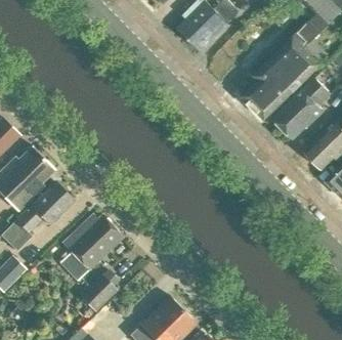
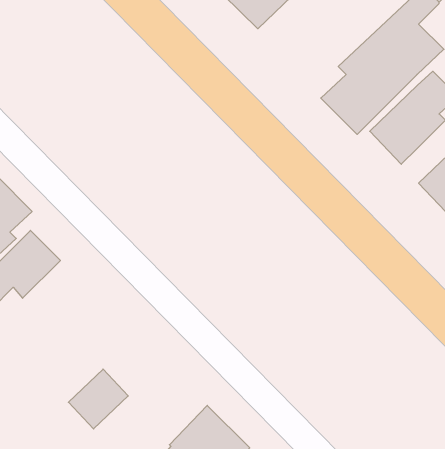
building: [61,214,122,278] -> none

